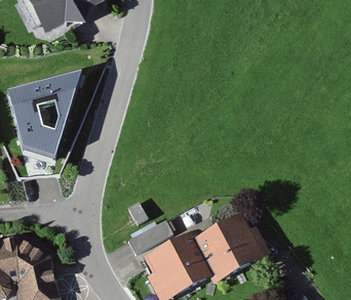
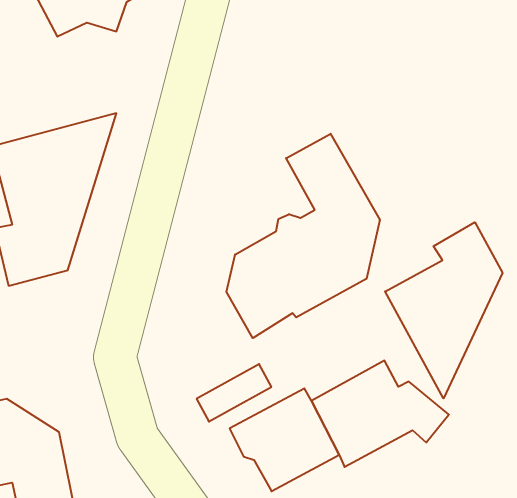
building: none -> [226,134,380,338]
building: none -> [385,222,502,398]

